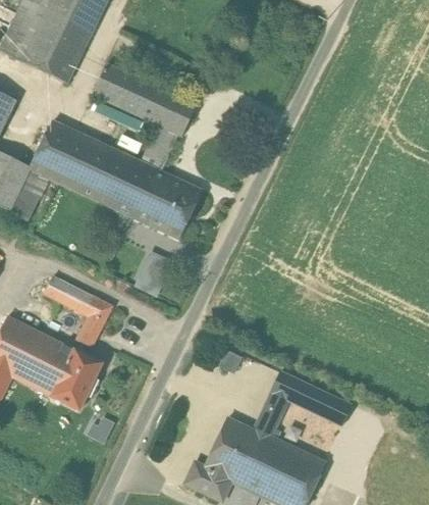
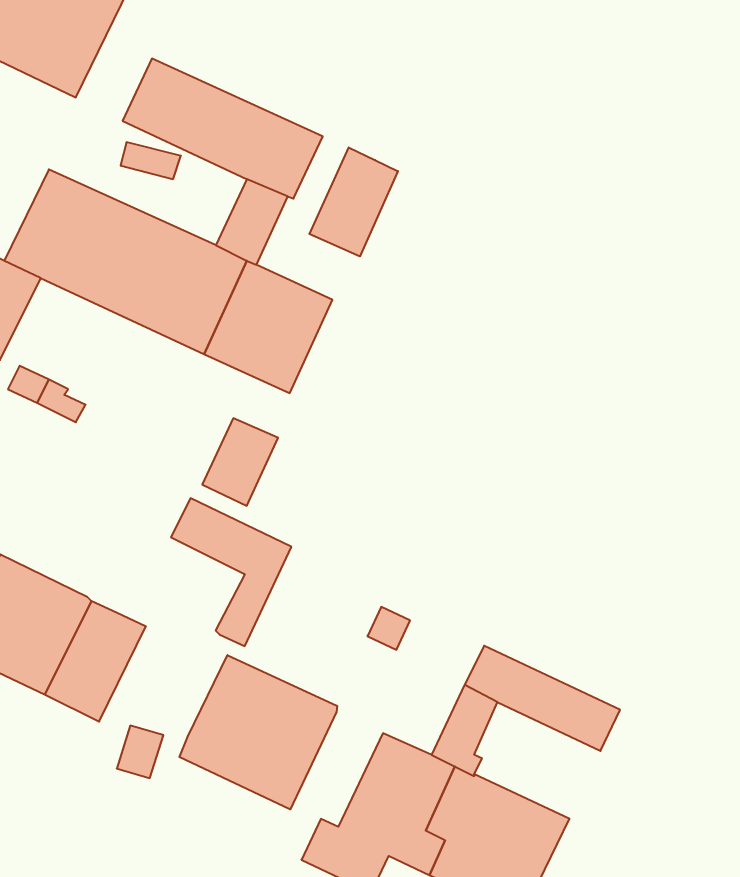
building: none -> [309,147,398,256]
building: [49,275,112,353] -> [171,498,291,646]
building: none -> [179,655,337,809]

